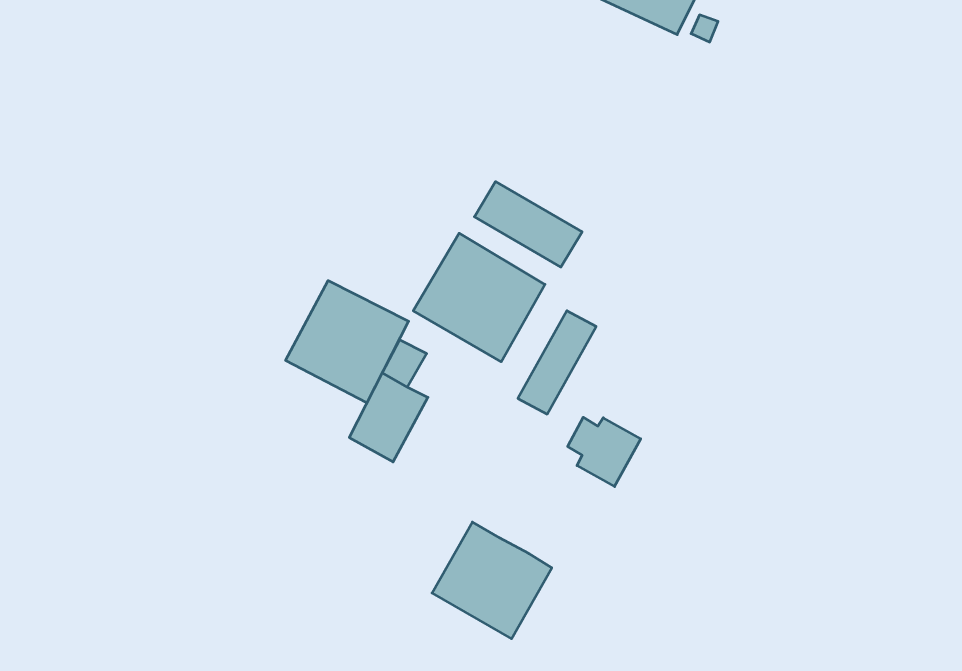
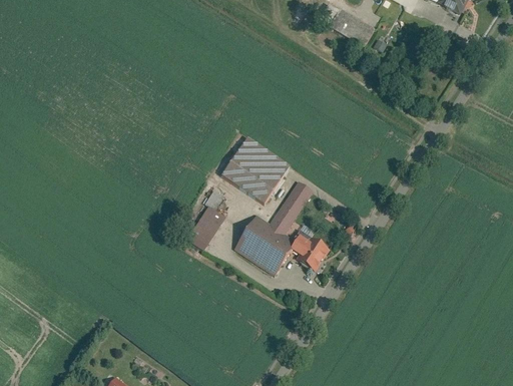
building: [474,182,582,267] -> none
building: [286,281,409,403] -> none
building: [432,522,552,639] -> [234,214,296,274]

